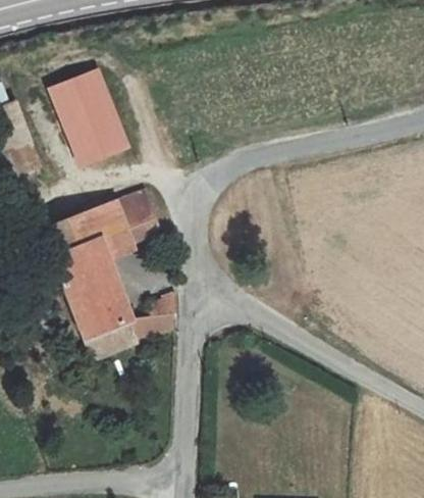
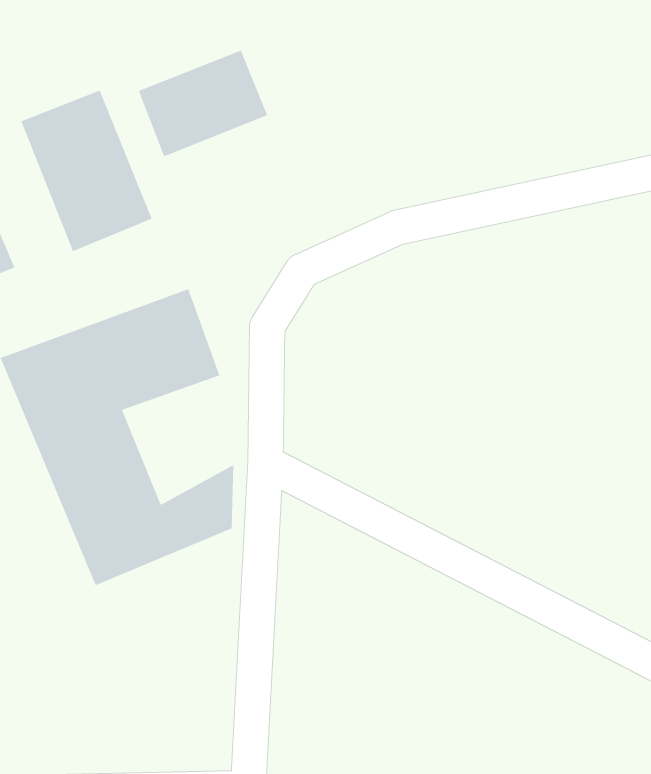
building: none -> [138,50,268,157]

